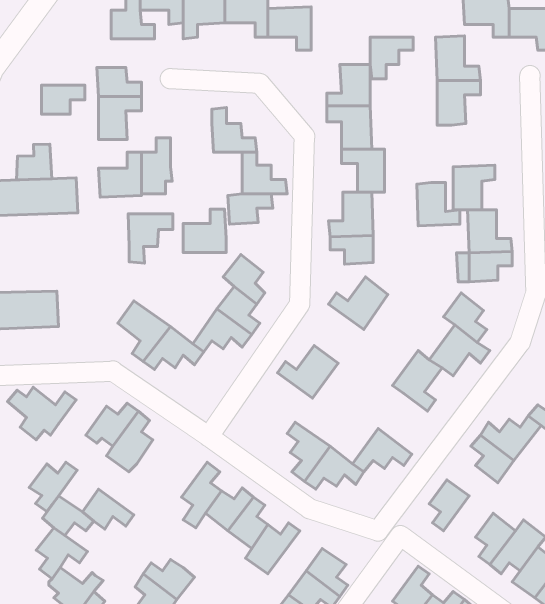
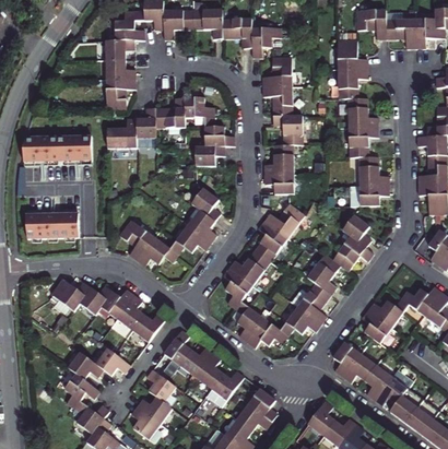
building: [370,37,413,79] -> [251,28,281,57]
building: [42,85,85,114] -> [105,39,134,59]
building: [17,144,52,180] -> none
building: [417,183,460,226] -> [347,97,377,127]
building: [183,209,226,252] -> [155,97,185,127]
building: [128,214,173,263] -> none
building: none -> [254,221,287,261]
building: none -> [223,268,252,309]
building: none -> [297,282,331,323]
building: none -> [132,311,165,341]
building: [29,462,77,512] -> [79,285,111,319]
building: none -> [342,352,376,382]
building: none -> [145,369,175,401]

